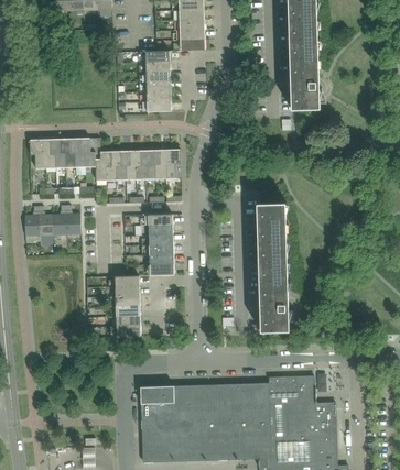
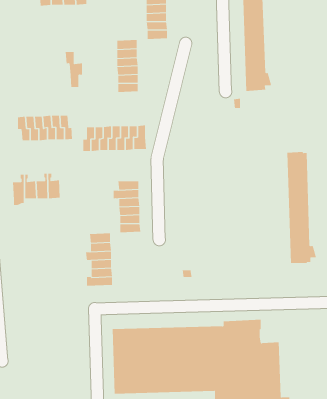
building: [88,139,109,181] -> [65,51,83,87]
building: [259,203,294,332] -> [286,152,317,264]

